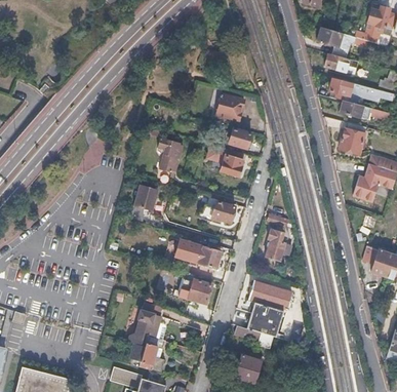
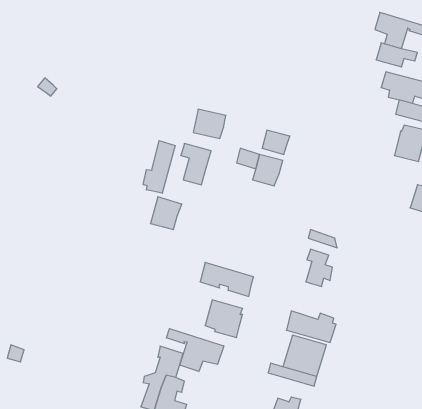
building: [216,94,244,119] -> [193,109,226,138]
building: none -> [143,141,175,193]
building: [197,201,234,221] -> none
building: none -> [166,329,224,371]

